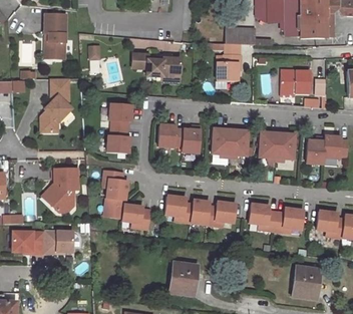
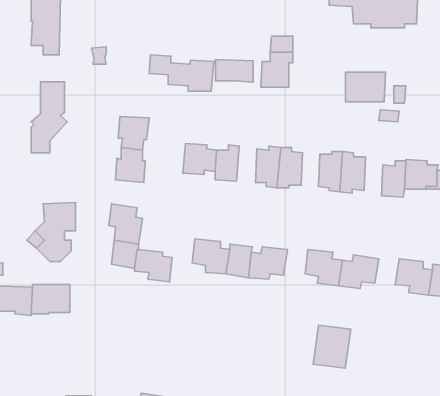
building: [226,28,254,45] -> [216,60,253,82]
building: [169,262,198,295] -> none
building: [292,267,320,299] -> [313,325,351,368]

